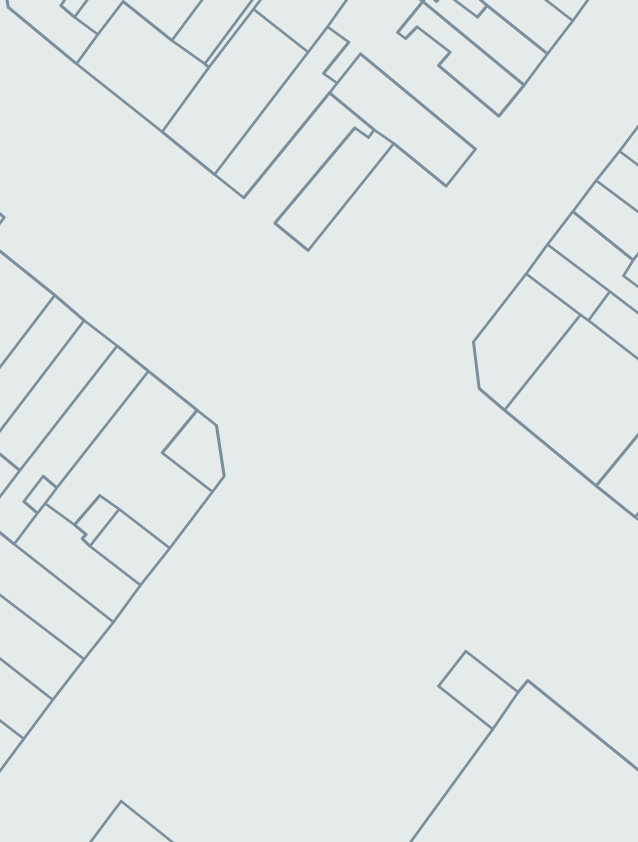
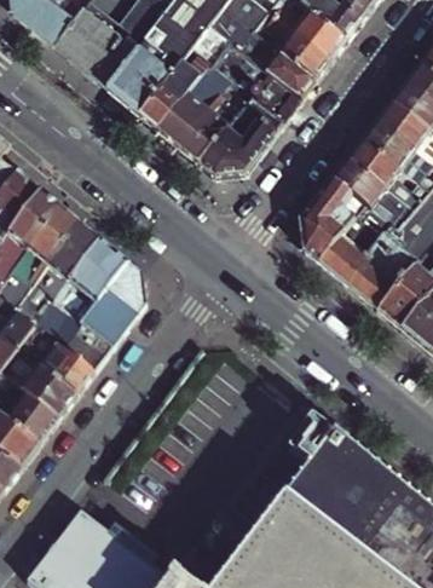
building: none -> [208,16,314,100]
building: none -> [156,65,237,146]
building: none -> [196,97,282,177]

